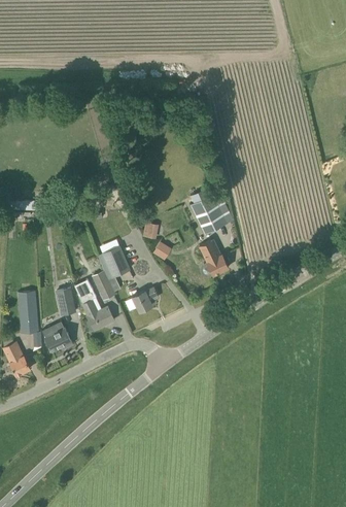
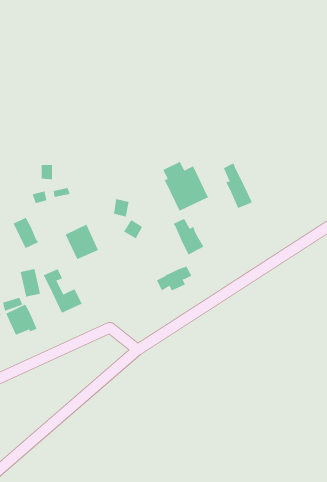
building: none -> [223,162,253,209]
building: [92,270,116,300] -> [13,217,39,249]
building: [125,288,159,311] -> [156,266,192,291]

